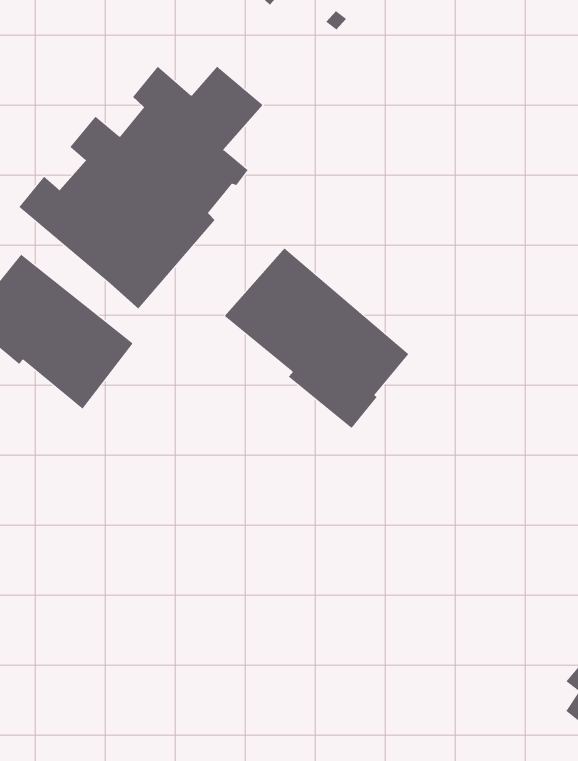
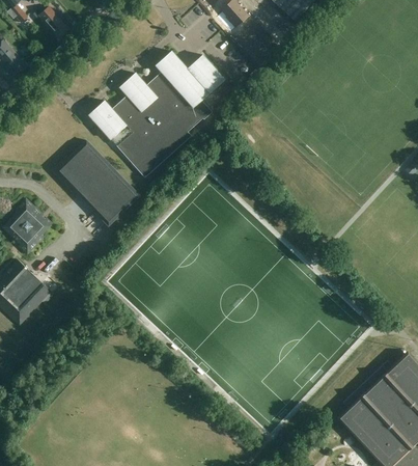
building: [224,248,409,429] -> none

